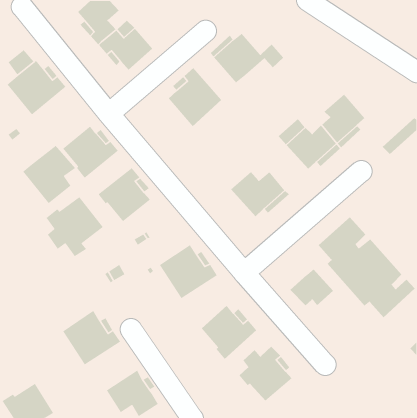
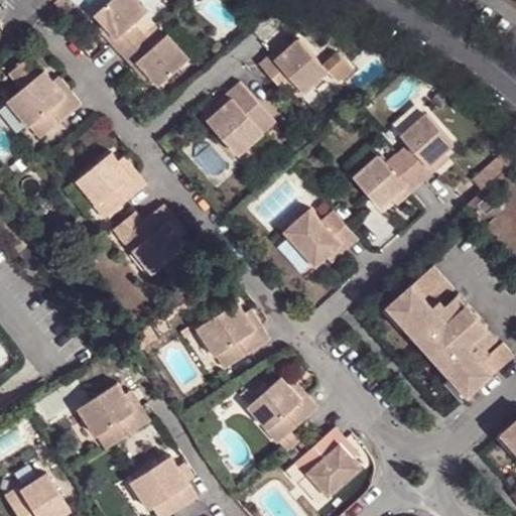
building: [22,145,76,204] -> none
building: [45,196,104,257] -> none
building: [290,268,334,306] -> none

